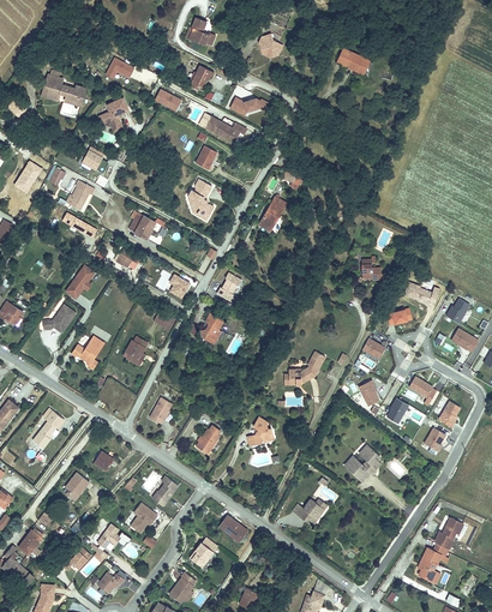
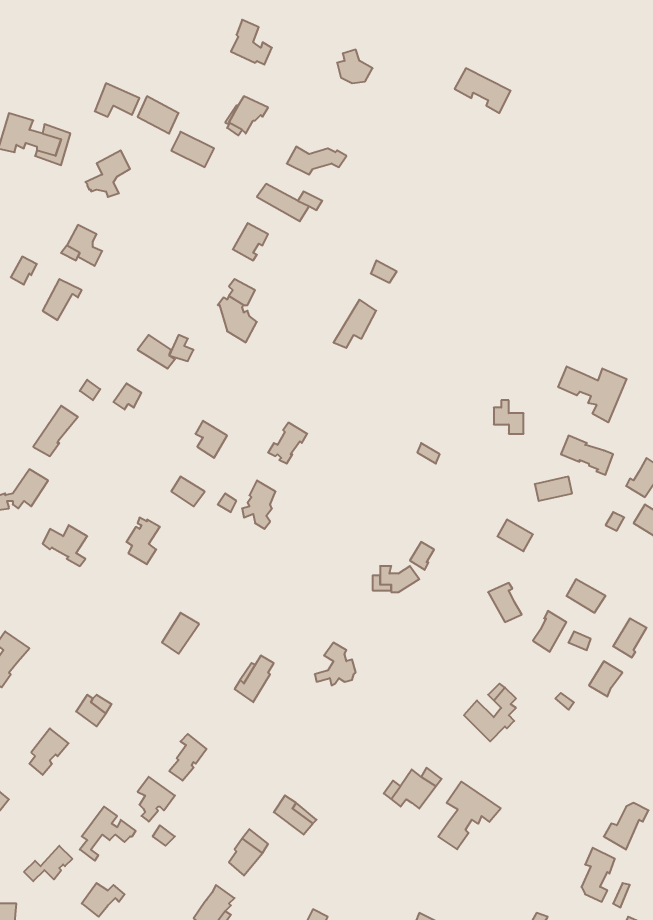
building: none -> [558,366,627,422]
building: none -> [438,782,501,849]

